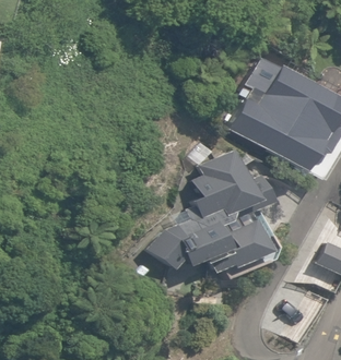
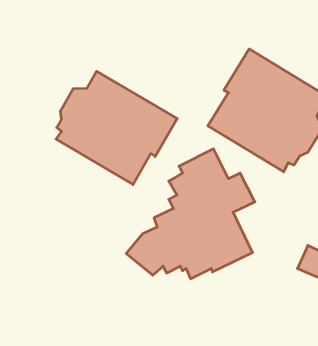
building: none -> [56,71,177,185]

